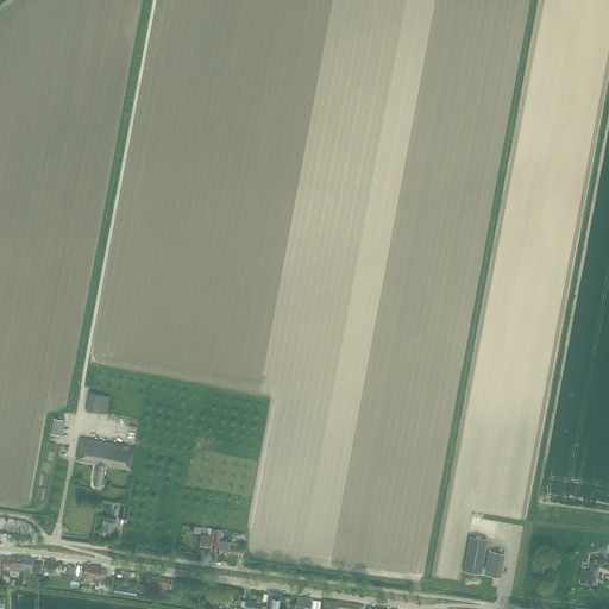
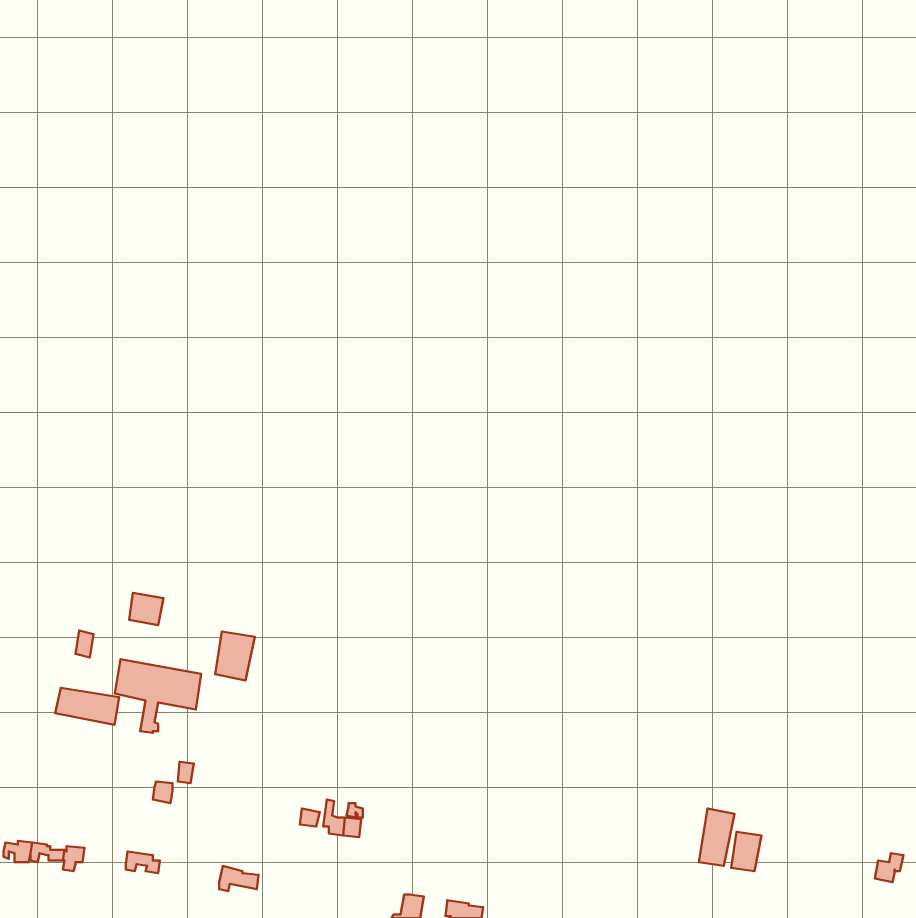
building: none -> [215,631,255,681]
building: none -> [55,688,119,725]

